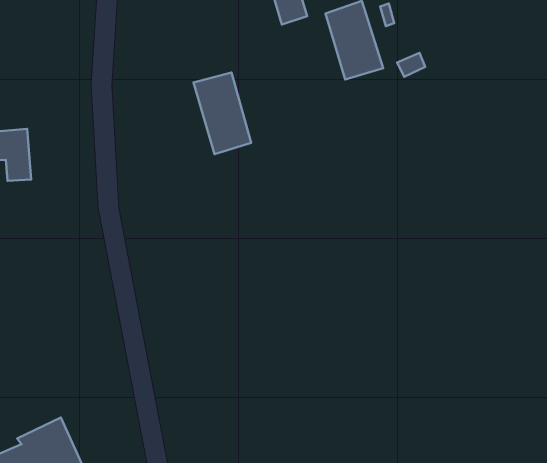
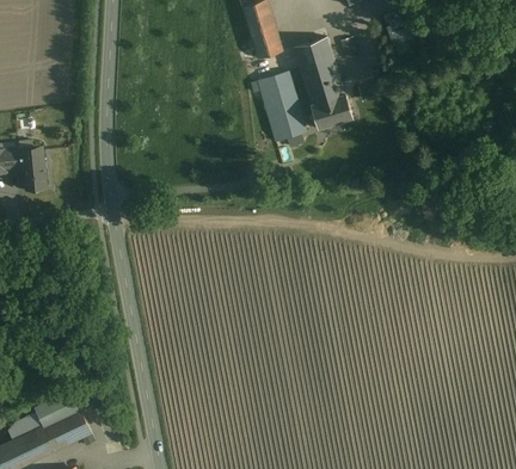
building: none -> [311,94,352,129]
building: [193,73,251,154] -> [256,72,305,141]

